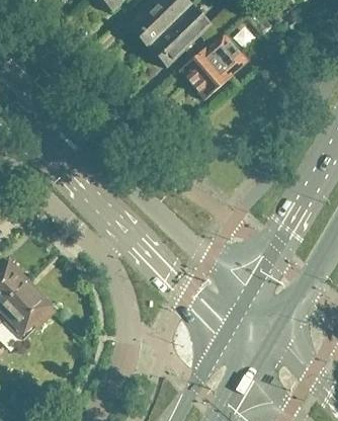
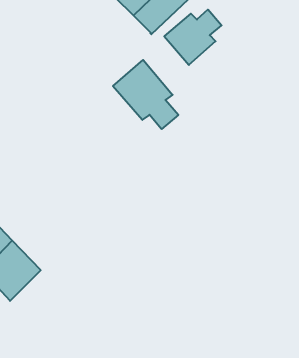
building: none -> [113,60,178,129]

